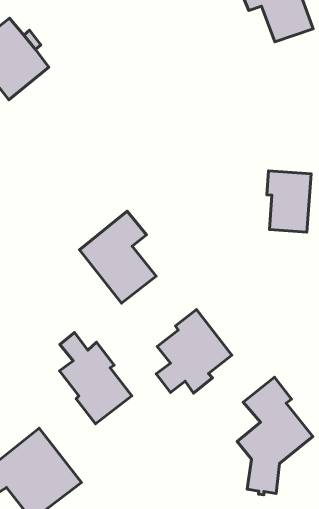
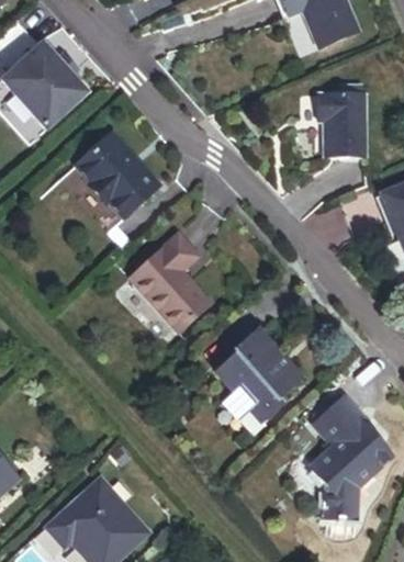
building: none -> [76,134,160,220]
building: [267,171,311,232] -> [319,97,364,158]
building: [59,333,132,424] -> none

